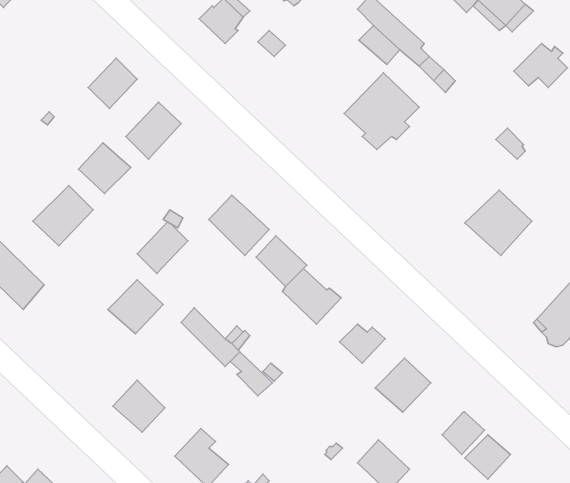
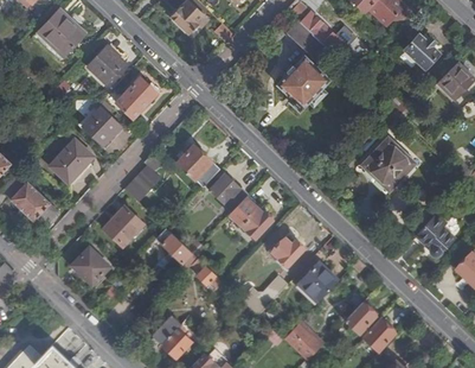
building: none -> [36,8,84,58]
building: [113,380,165,432] -> [71,246,109,284]

